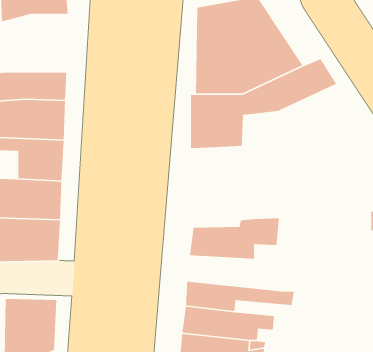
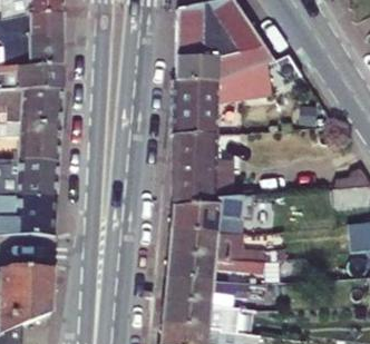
building: none -> [9,14,62,66]
building: none -> [174,132,228,205]
building: none -> [168,230,286,262]

